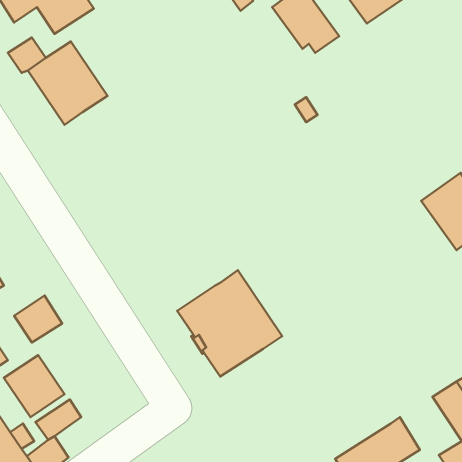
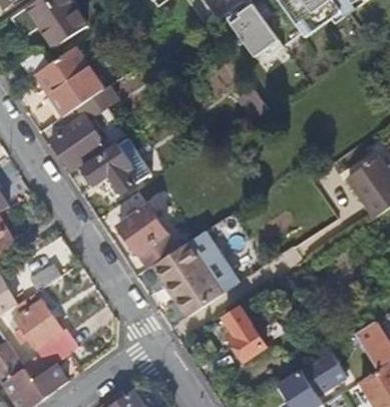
building: none -> [51,86,118,168]
building: none -> [85,145,136,192]
building: none -> [118,205,176,266]
building: none -> [226,307,266,359]

